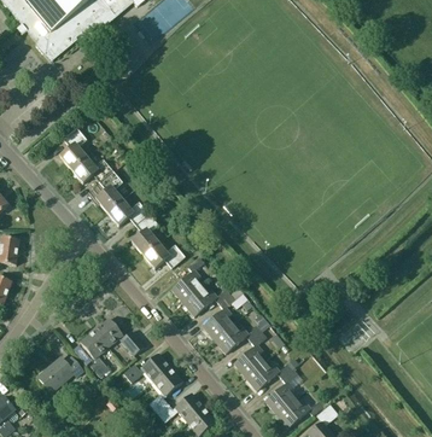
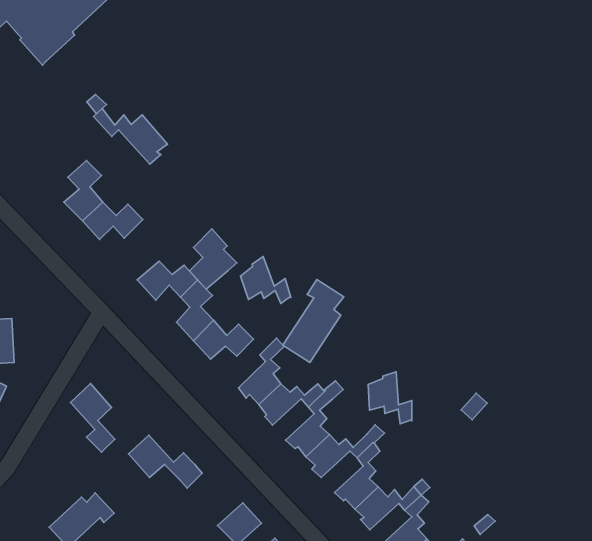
building: none -> [94,108,168,164]
building: [95,170,128,211] -> [189,229,237,289]
building: none -> [240,256,291,303]
building: none -> [283,280,344,363]
building: none -> [368,372,412,424]
building: [80,330,109,377] -> [70,384,115,452]
building: [123,352,170,381] -> none

